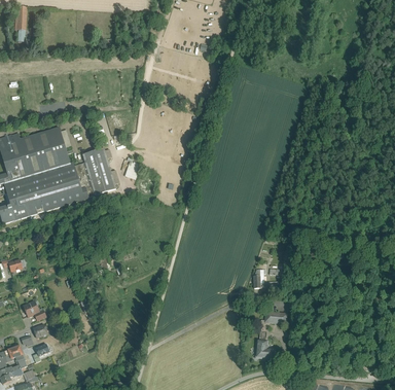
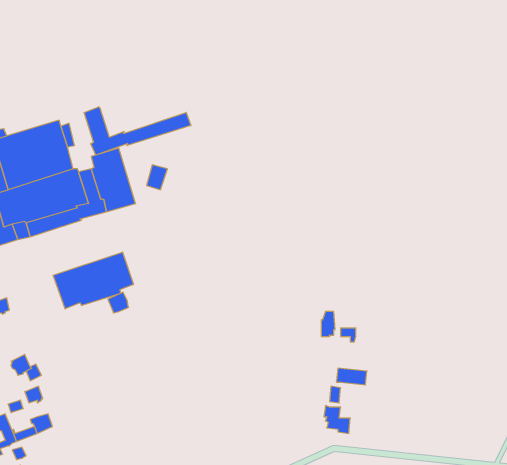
building: none -> [84,107,191,155]
building: none -> [53,252,133,309]

